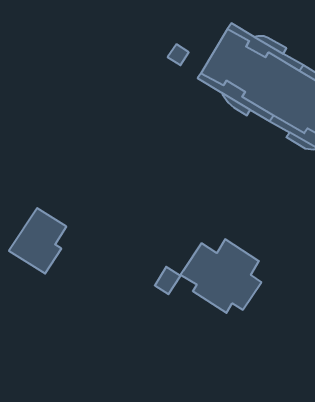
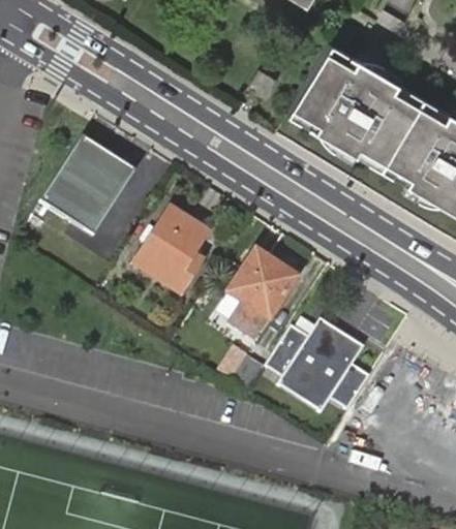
building: none -> [41,136,135,236]
building: none -> [229,249,295,338]
building: [9,208,66,274] -> [133,207,207,290]

